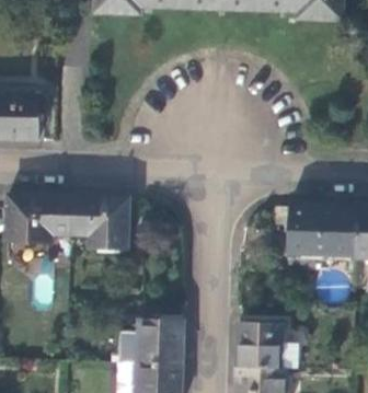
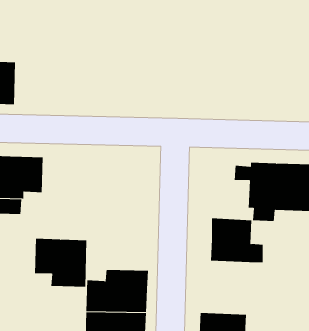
building: [69,198,126,251] -> [34,238,87,287]
building: [238,319,295,367] -> [210,218,263,263]

